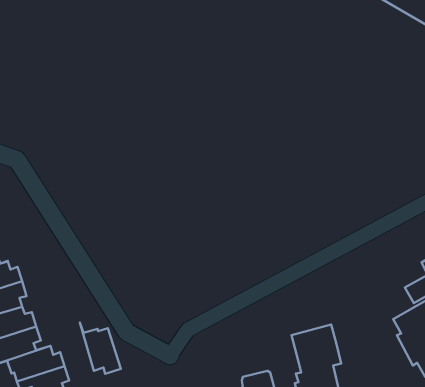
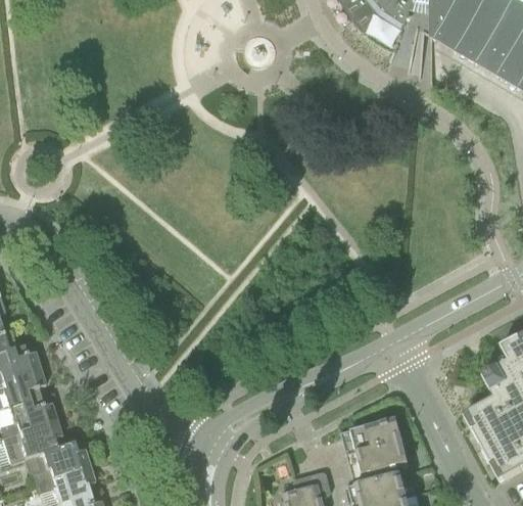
building: [80,323,121,374] -> none

